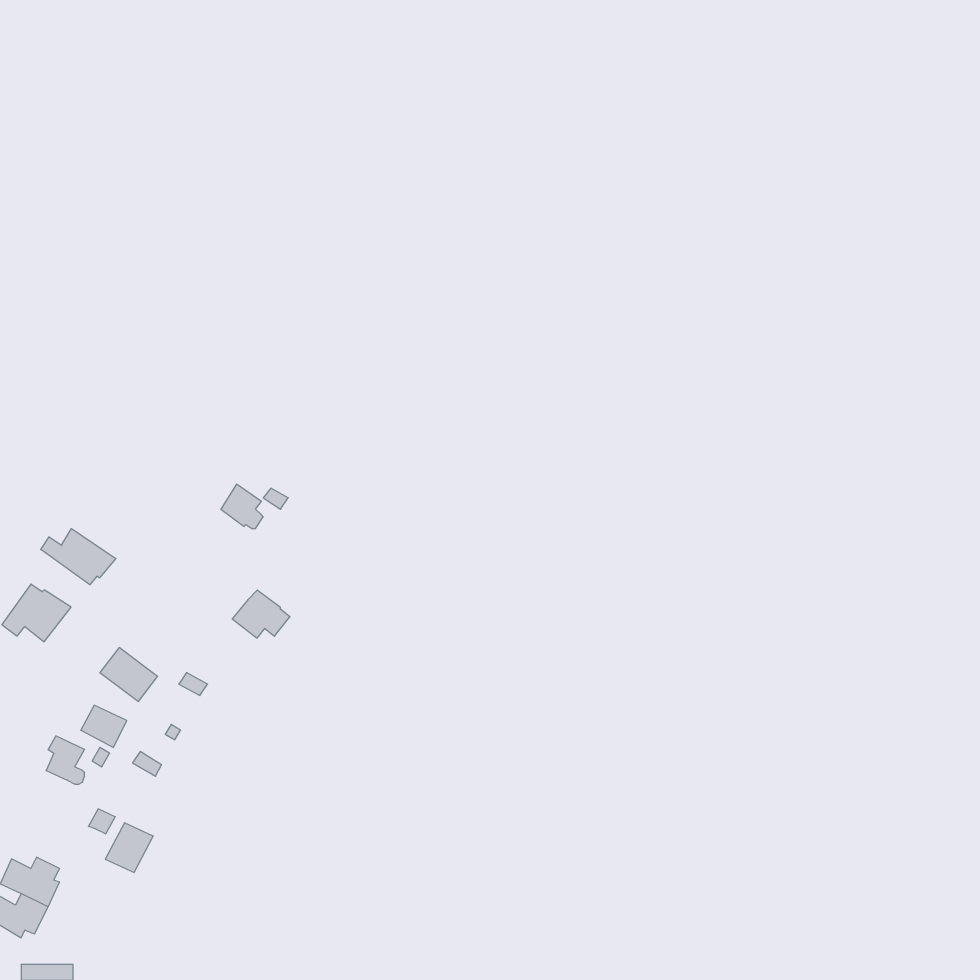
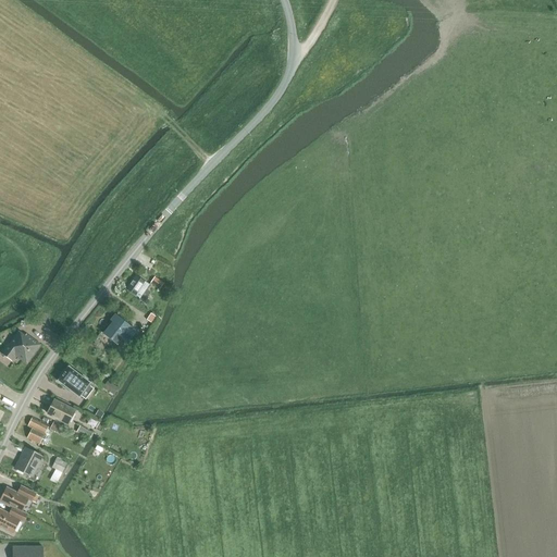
building: [41,529,116,585] -> none
building: [232,590,290,638] -> [102,317,135,344]
building: [105,823,153,873] -> [14,447,41,475]

